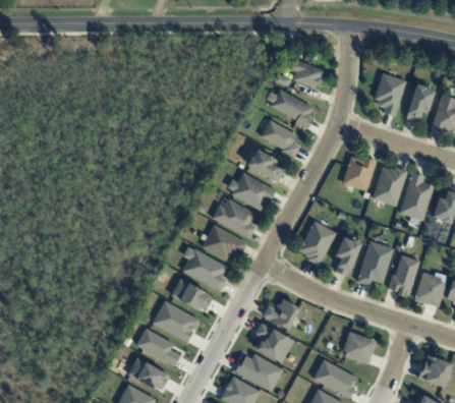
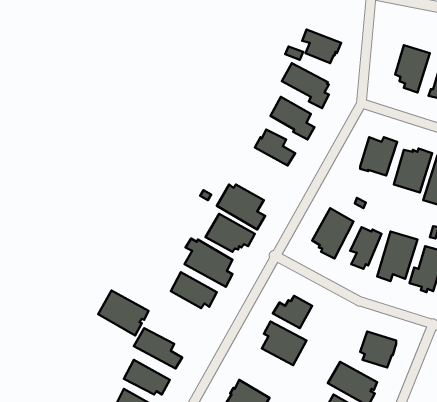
building: [227,172,276,210] -> none
building: [153,301,198,342] -> [98,291,149,336]
building: [234,353,282,391] -> none

